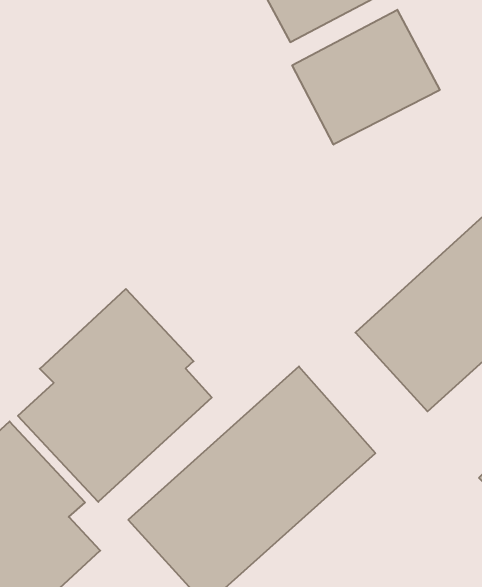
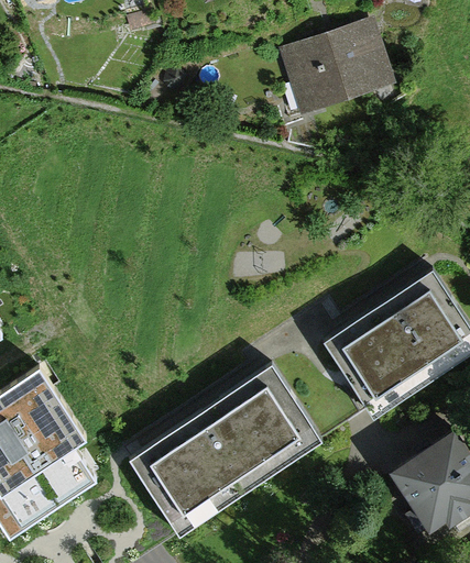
building: [292,10,440,145] -> none
building: [18,289,212,502] -> none

